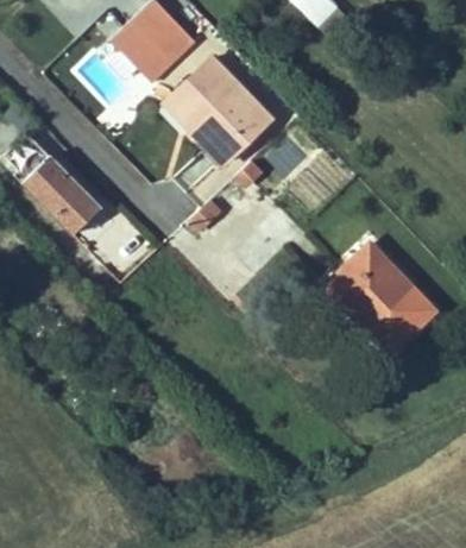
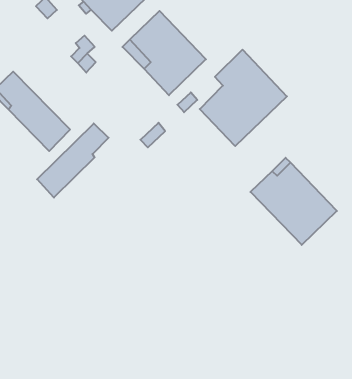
building: none -> [200,50,287,146]
building: none -> [37,123,109,198]

